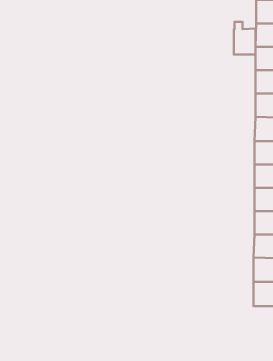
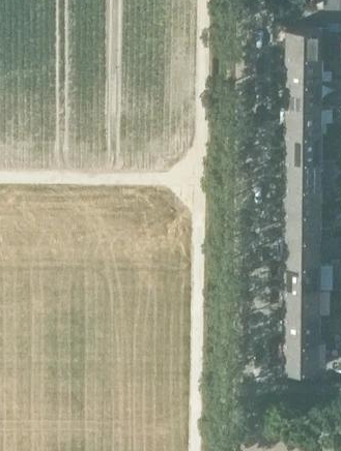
building: [234,22,255,54] -> none

